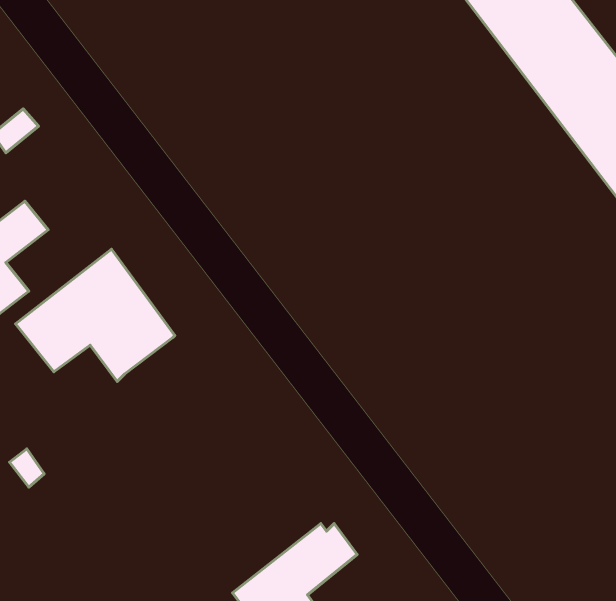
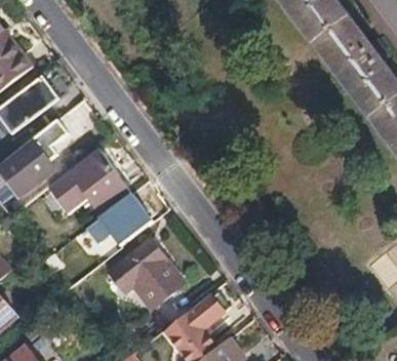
building: none -> [105,194,153,247]
building: none -> [107,239,184,310]

